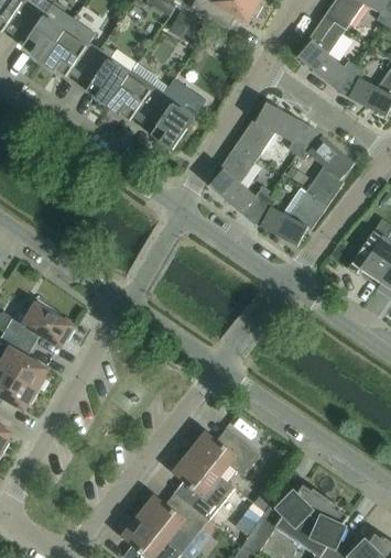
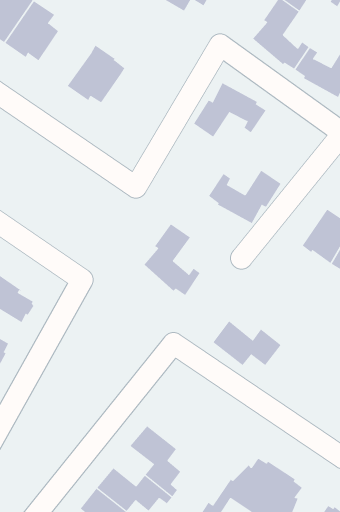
building: [78,44,135,106] -> none
building: [142,85,200,150] -> none
building: [295,131,354,206] -> none
building: [208,144,267,218] -> [143,224,201,296]
building: [188,430,259,477] -> [213,321,282,366]

